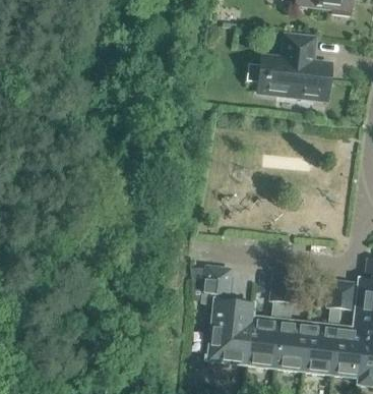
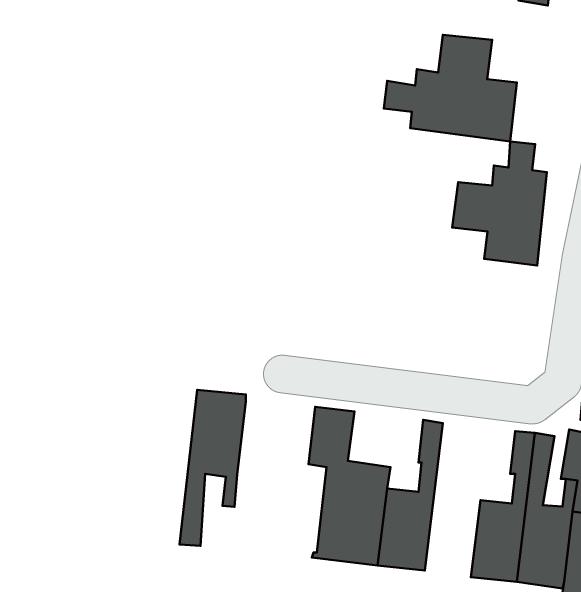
building: none -> [452,141,547,265]
building: none -> [179,390,246,546]
building: [274,275,309,371] -> none

